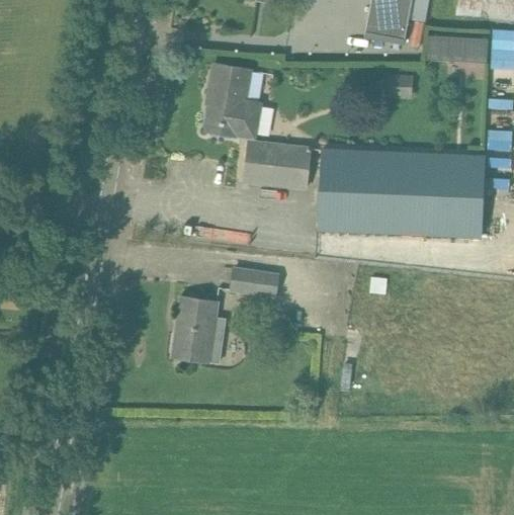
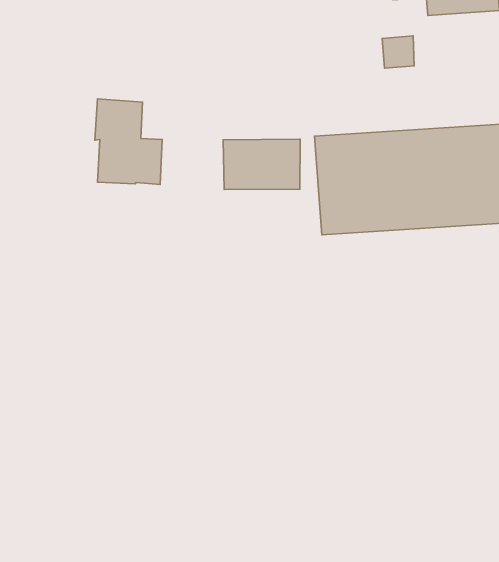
building: [205,64,262,140] -> [95,99,162,184]
building: [230,269,276,297] -> none
building: [172,297,224,363] -> none

